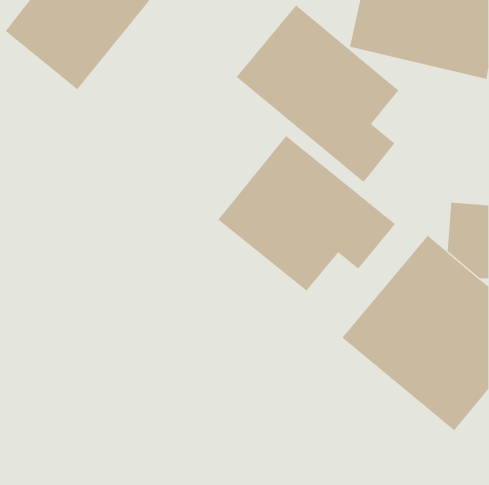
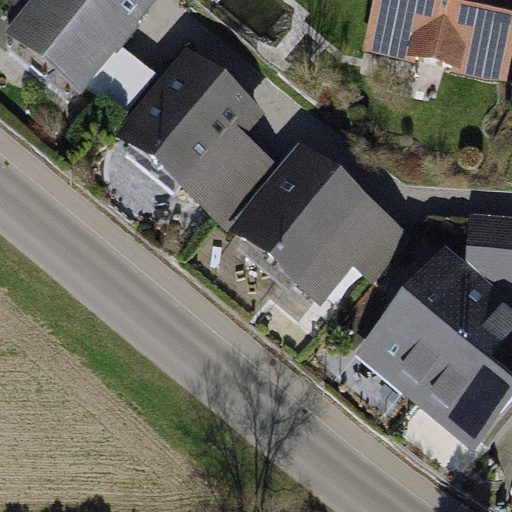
building: [236,4,399,183] -> none
building: none -> [114,45,277,224]

